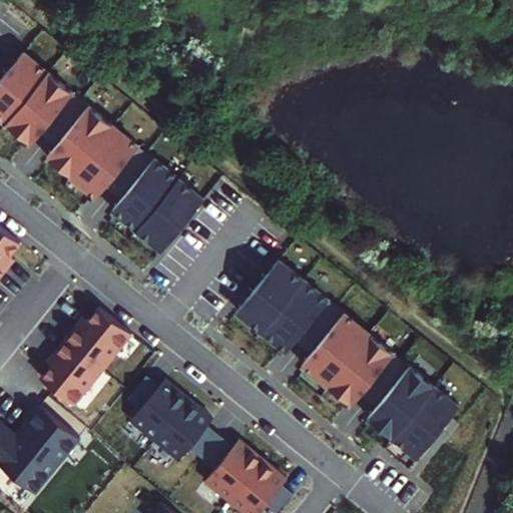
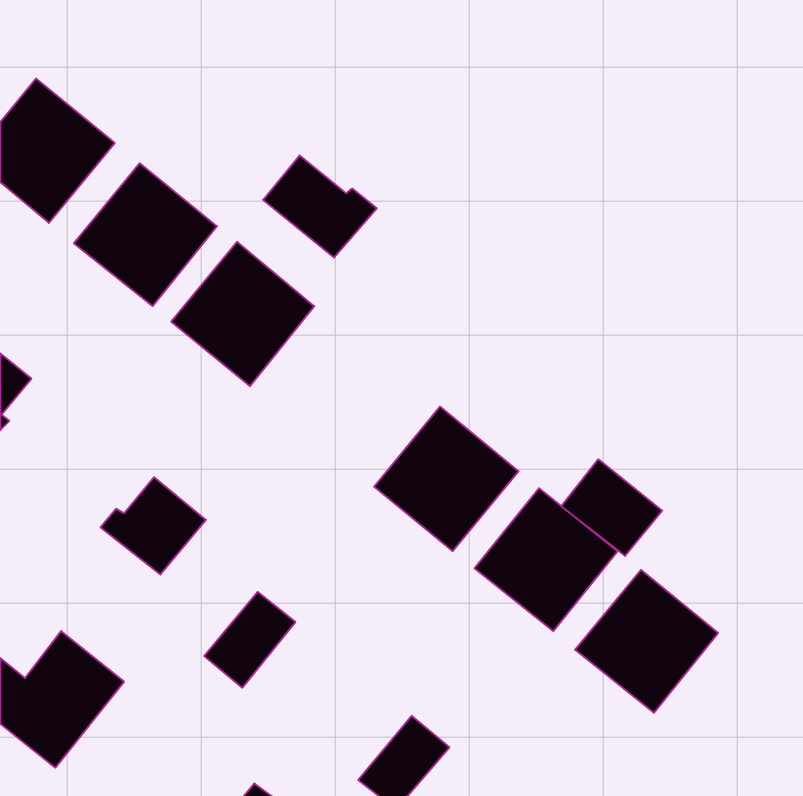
building: none -> [263,155,377,258]
building: none -> [561,459,662,556]
building: [40,341,102,407] -> none
building: [154,401,212,462] -> none
building: [204,441,263,502] -> none

